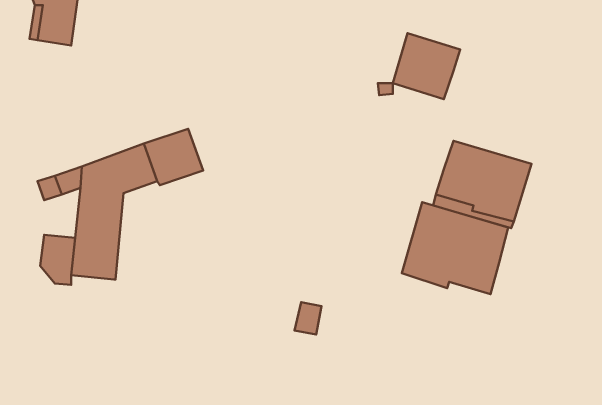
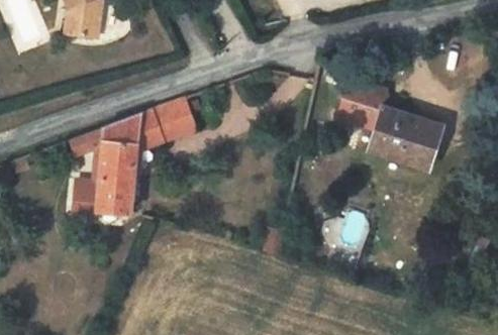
building: [393,33,460,99] -> [337,80,388,129]
building: [402,202,508,294] -> none

